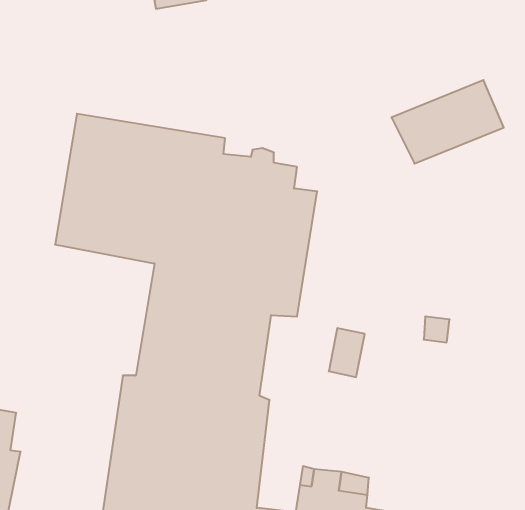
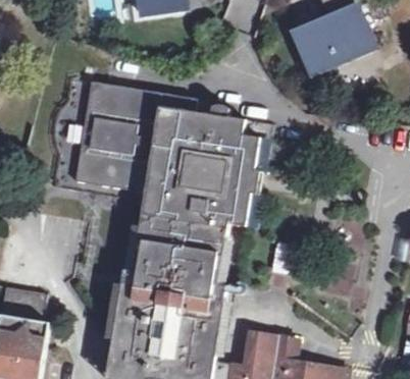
building: [391,80,504,164] -> [297,13,376,72]

